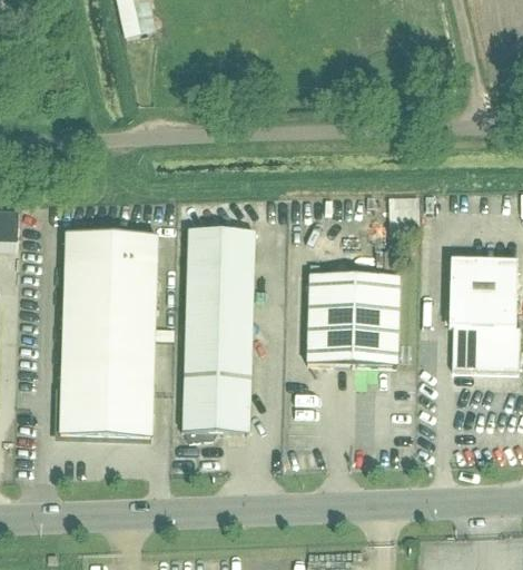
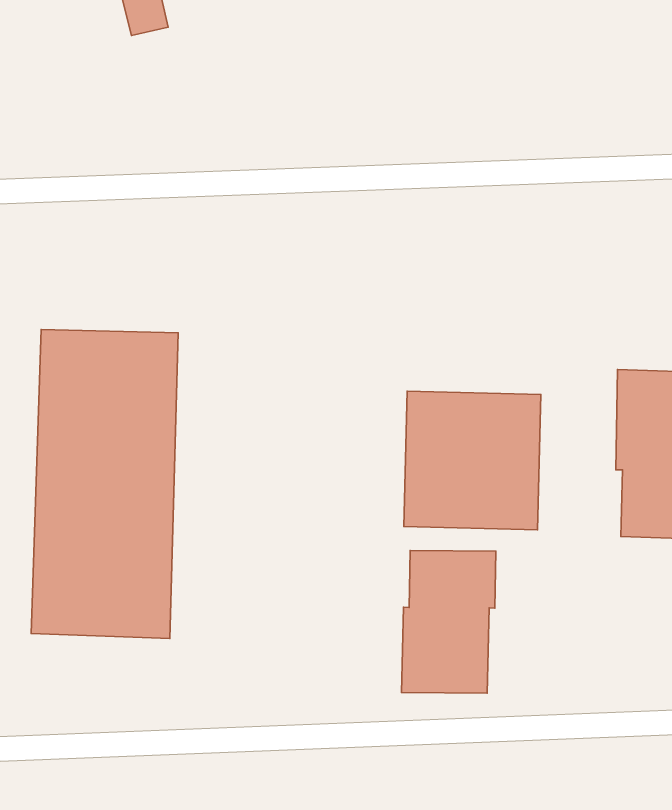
building: [184,226,255,439] -> none
building: none -> [401,551,496,693]

